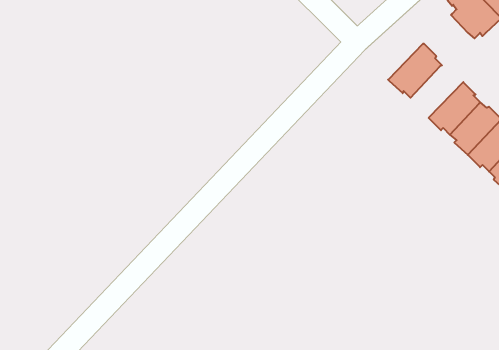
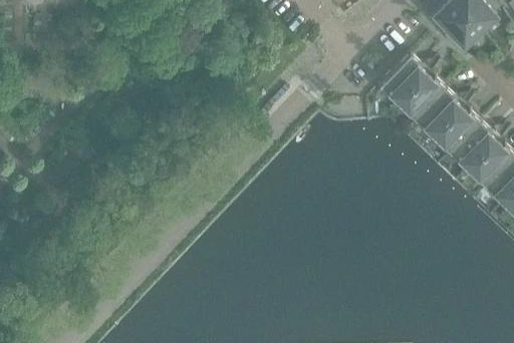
building: none -> [399,74,446,121]

